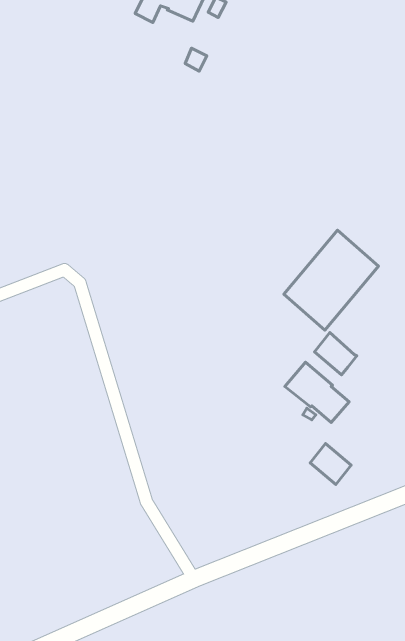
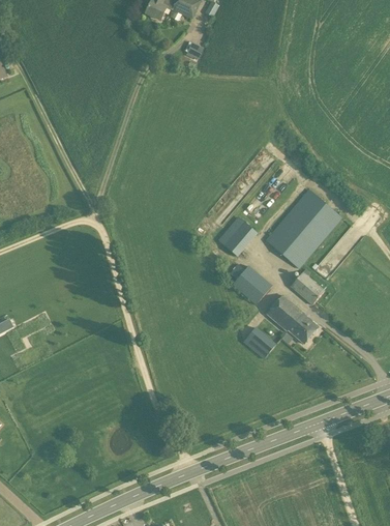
building: none -> [218,216,258,257]
building: none -> [231,264,272,305]
building: [310,444,351,485] -> [243,326,276,359]

